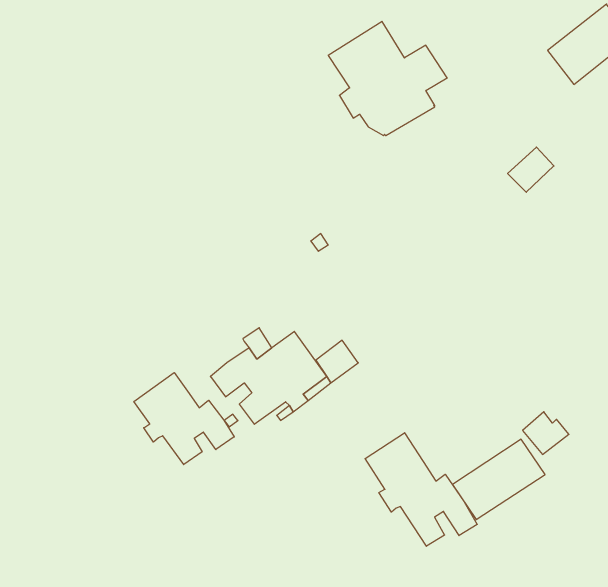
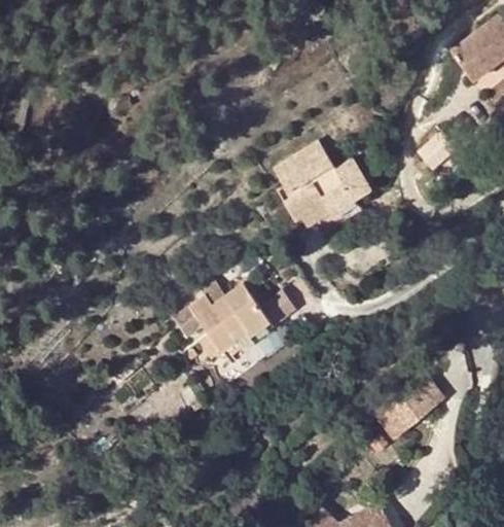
building: [328,21,447,136] -> [274,142,371,236]
building: [134,373,234,465] -> none
building: [365,433,477,546] -> none

